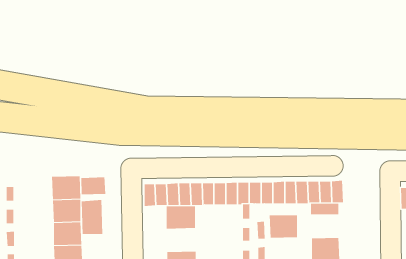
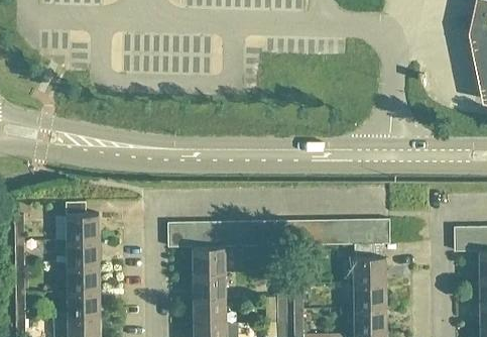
building: [81,177,106,195] -> none
building: [81,199,103,235] -> none
building: [269,215,298,238] -> [353,257,385,284]
building: none -> [193,272,227,299]

